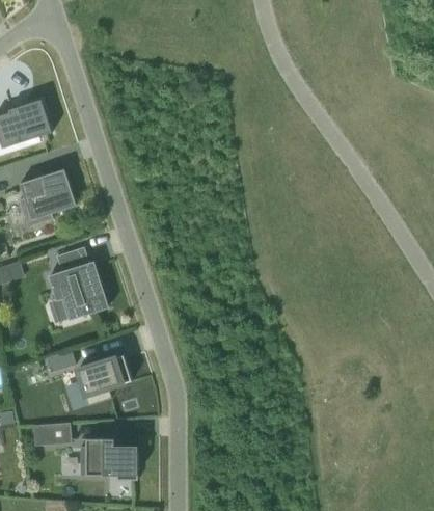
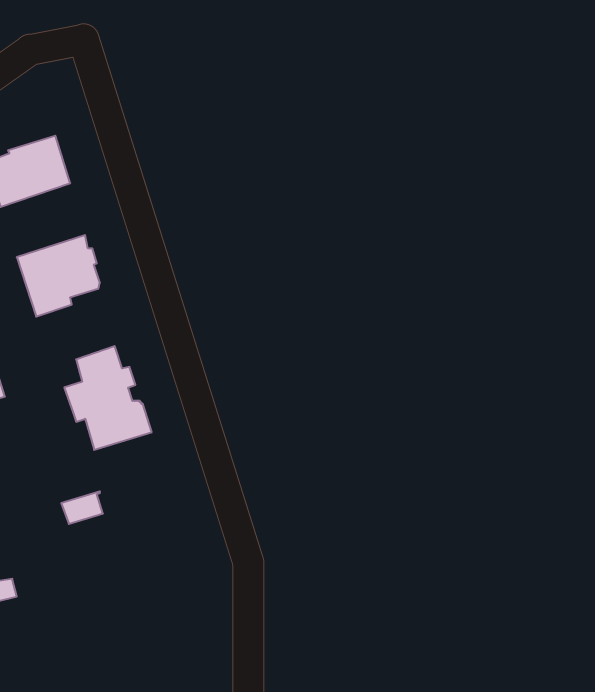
building: [77,355,131,405] -> none
building: [39,423,73,446] -> none
building: [81,438,138,480] -> none

